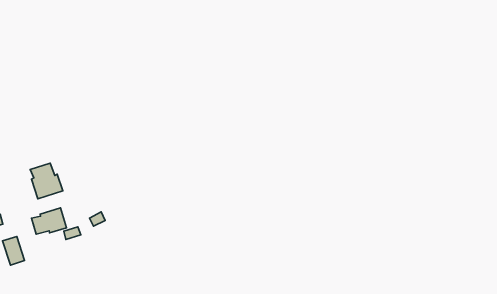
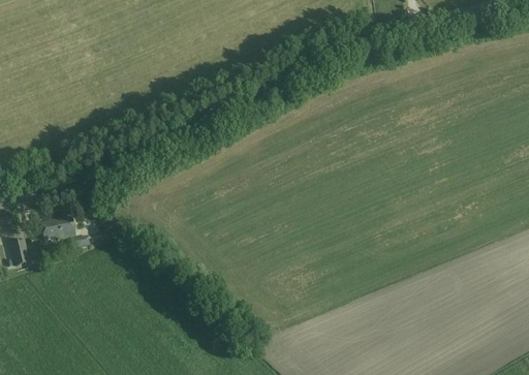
building: [30,163,63,199] -> none

